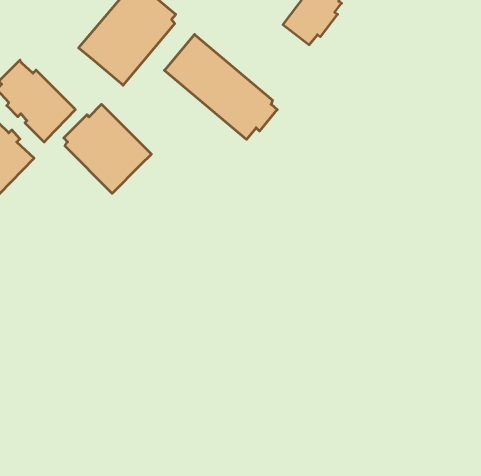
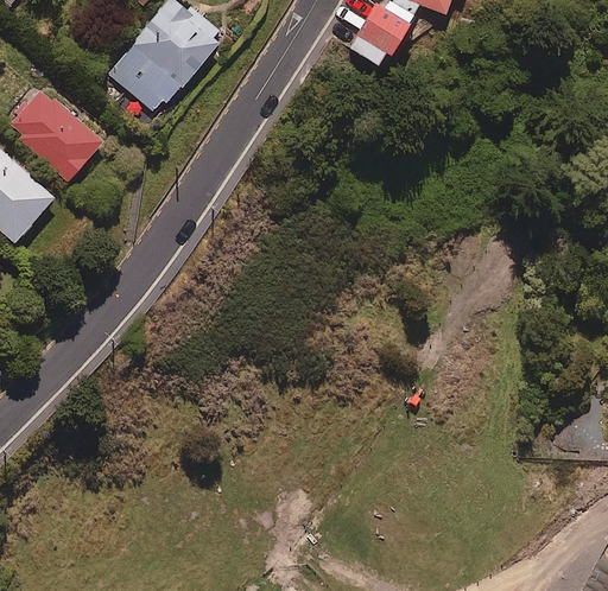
building: [164,34,277,139] -> none
building: [64,104,151,193] -> none

